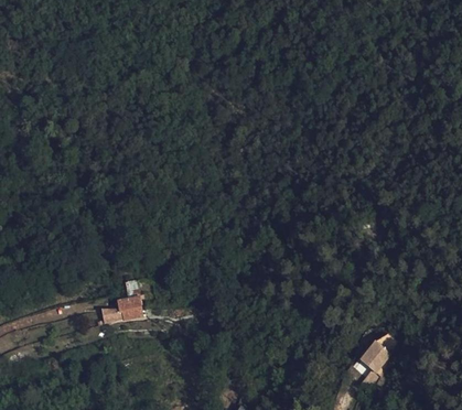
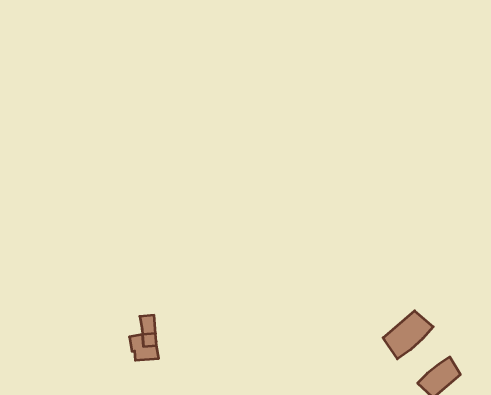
building: none -> [383,311,433,359]

